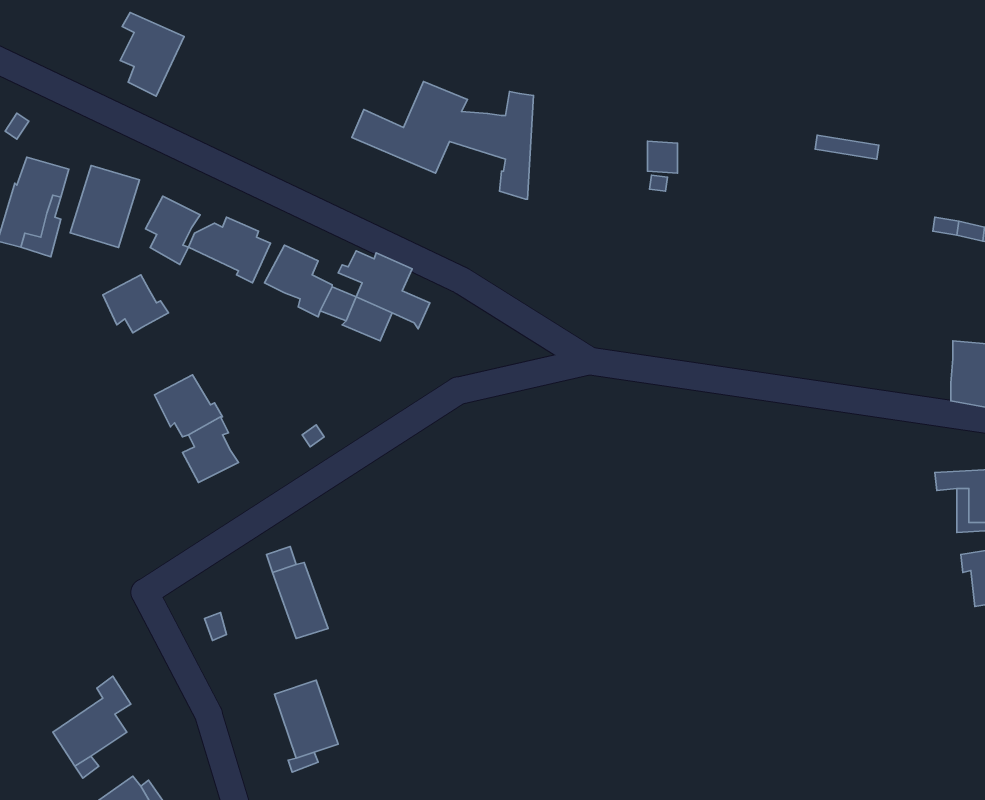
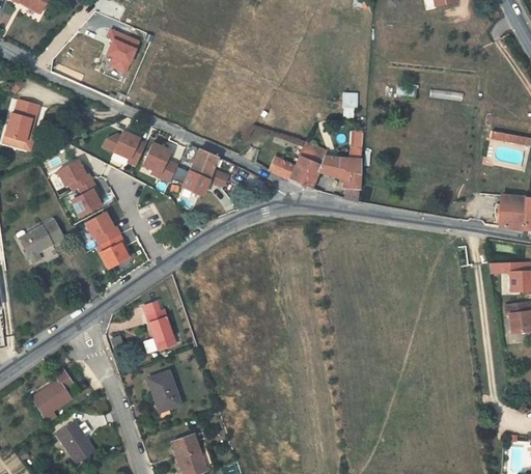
building: [120,12,184,96] -> [107,30,140,74]
building: [352,81,533,199] -> [268,141,362,202]
building: [70,165,139,247] -> none
building: [146,196,200,264] -> none
building: none -> [72,180,101,217]
building: none -> [20,219,64,263]

